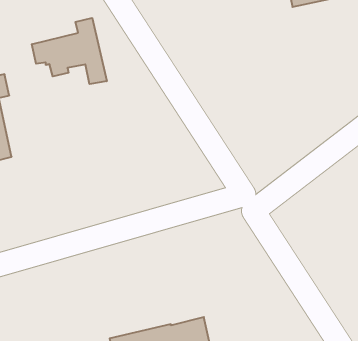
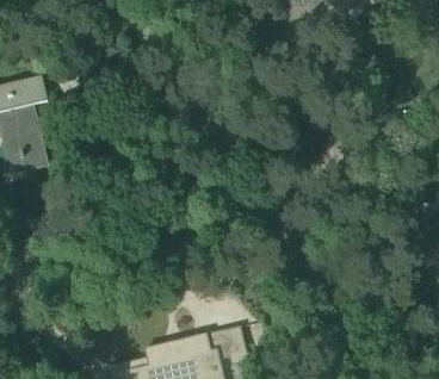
building: [32,18,107,84] -> none

